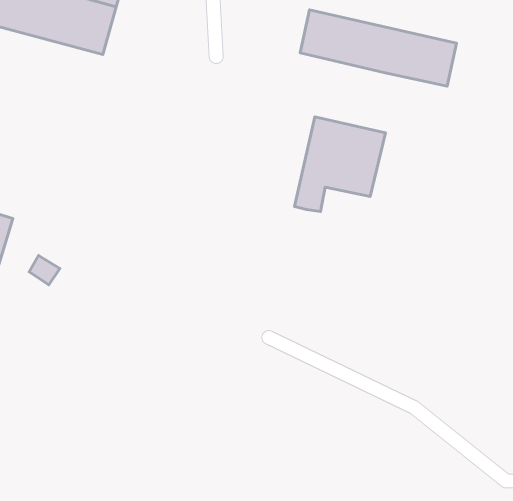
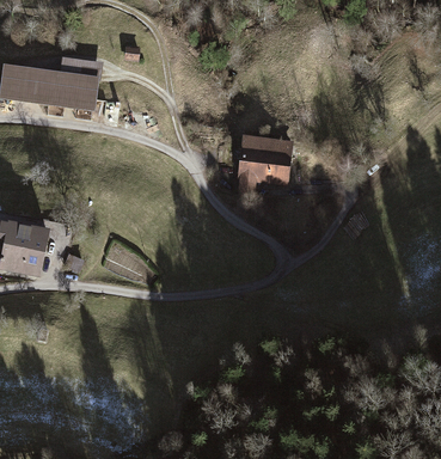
building: [300,10,457,86] -> none

